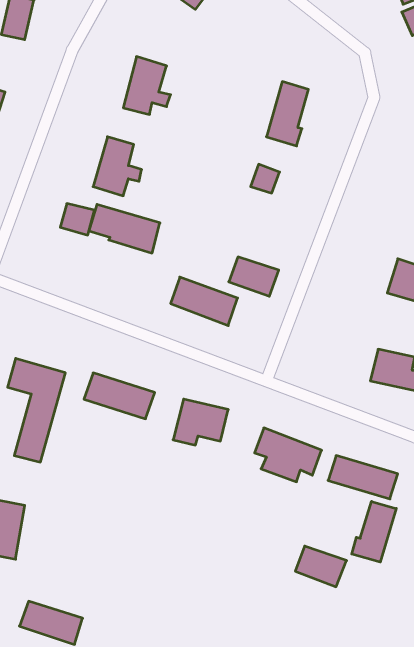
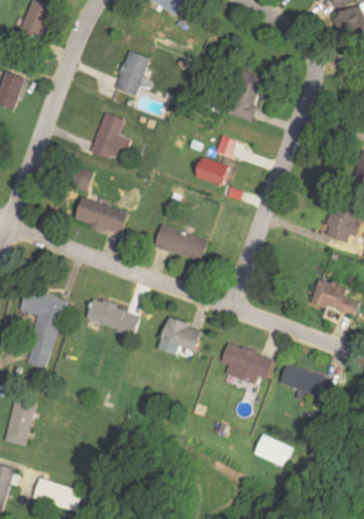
building: [89,204,160,253] -> [71,197,127,235]
building: [229,257,279,296] -> [190,155,229,186]
building: [352,501,396,562] -> none

